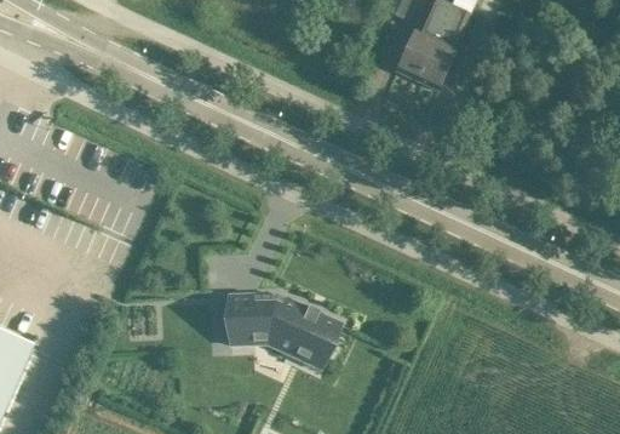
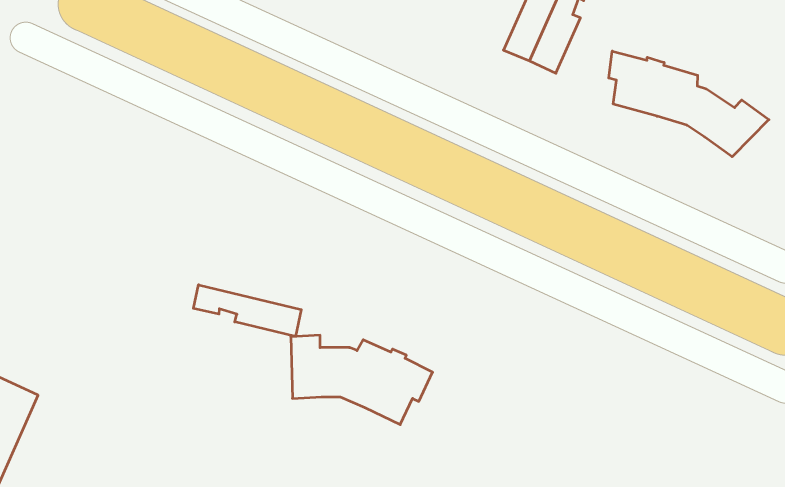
building: none -> [609,51,769,157]
building: none -> [193,285,301,336]

